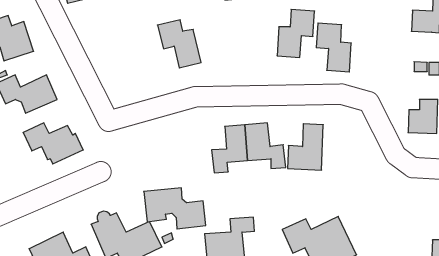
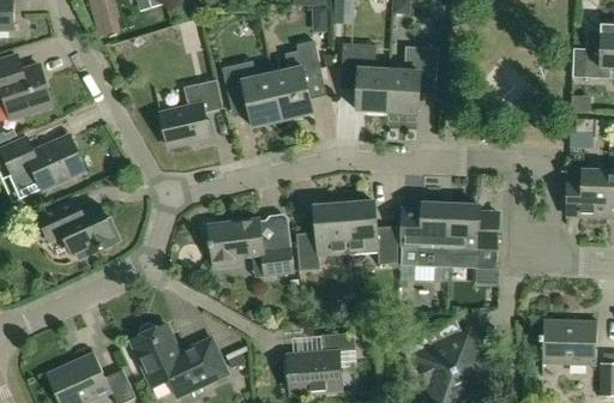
building: none -> [271,40,323,119]
building: [316,23,351,72] -> [341,42,389,109]
building: none -> [159,79,224,145]
building: none -> [447,204,498,269]
building: [144,188,206,229] -> [207,219,293,276]
building: none -> [542,319,597,366]

